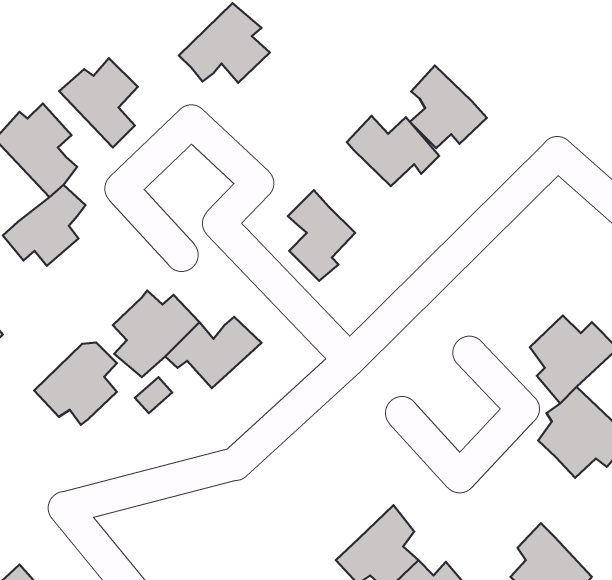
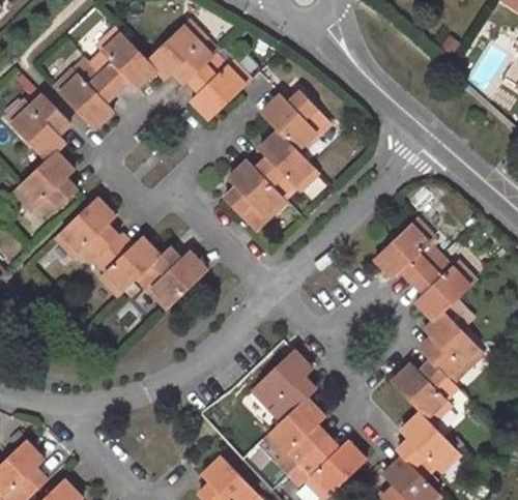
building: none -> [93,27,155,87]
building: none -> [189,56,252,120]
building: [410,65,487,148] -> [259,129,317,192]
building: none -> [372,215,435,277]
building: [34,342,117,425] -> [56,203,118,265]
building: none -> [251,351,313,421]
building: none -> [388,360,449,420]

